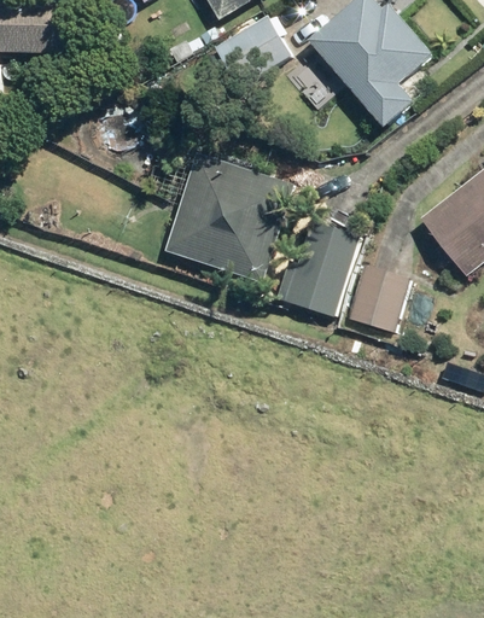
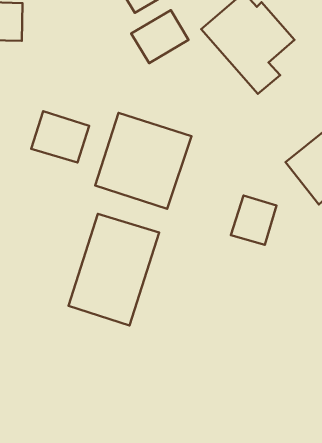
building: none -> [31,111,89,163]
building: [284,220,360,315] -> none
building: none -> [69,214,159,325]

